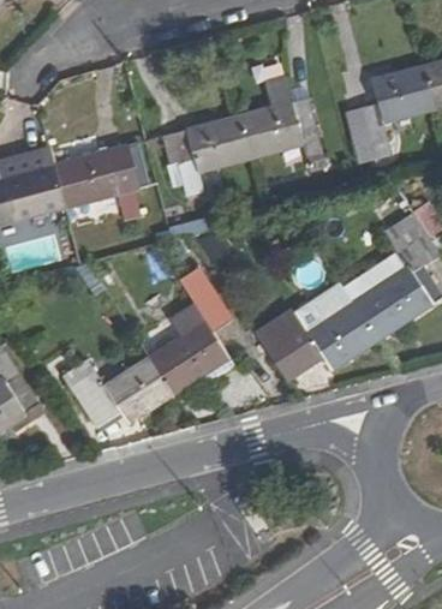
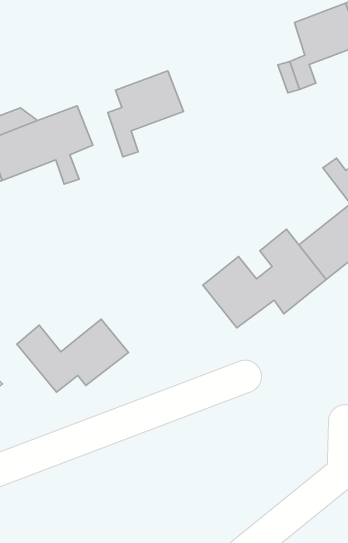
building: [239,77,327,168] -> none
building: [149,277,228,393] -> none

